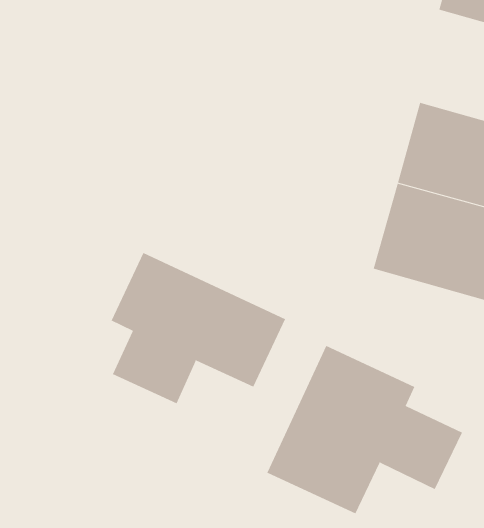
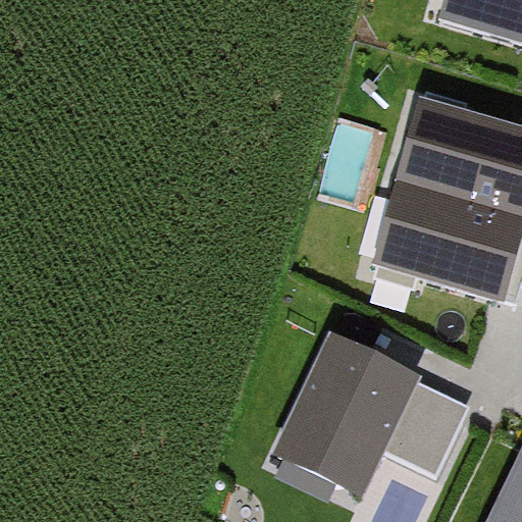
building: [111,252,286,404] -> none

